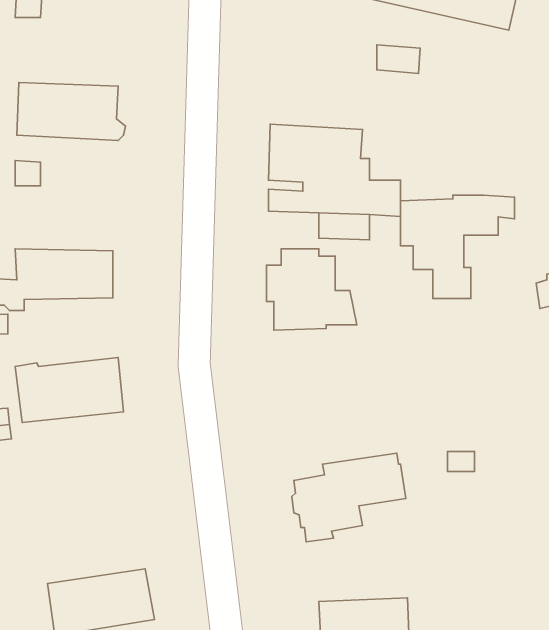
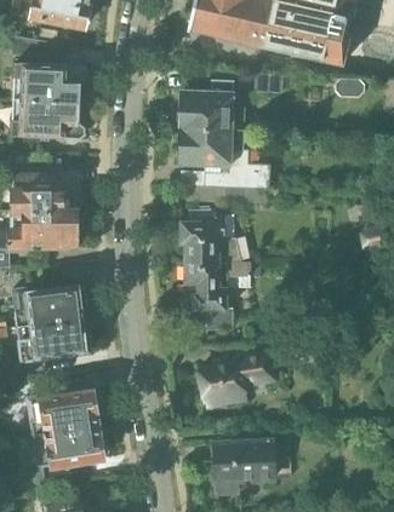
building: none -> [13,63,87,102]
building: none -> [182,80,245,131]
building: [400,195,514,298] -> [184,261,261,330]
building: none -> [11,177,76,212]
building: none -> [16,320,87,361]
building: none -> [27,391,98,435]

